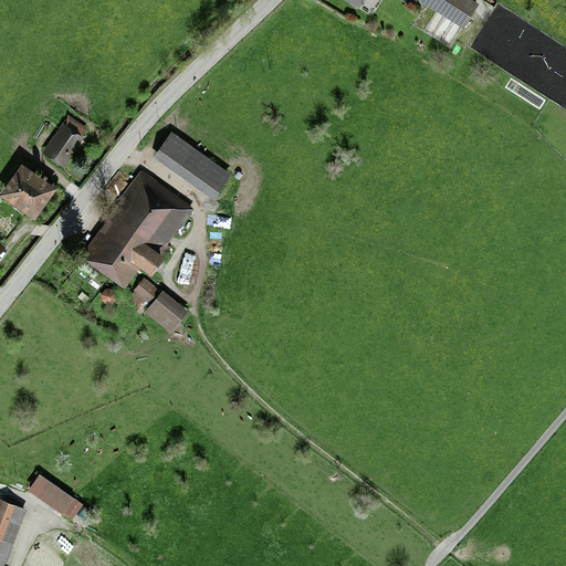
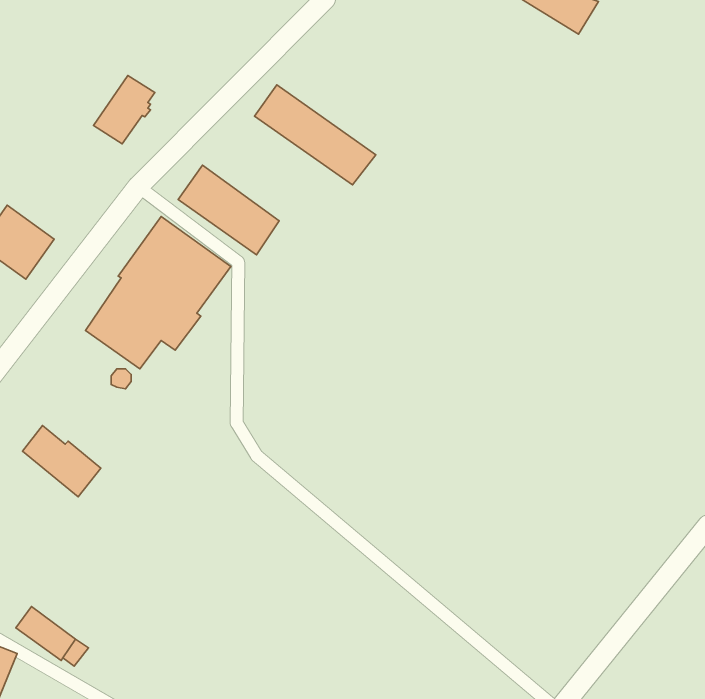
building: none -> [255,85,376,185]
building: [40,115,87,168] -> [94,76,155,144]
building: [127,277,188,333] -> [23,426,101,497]

